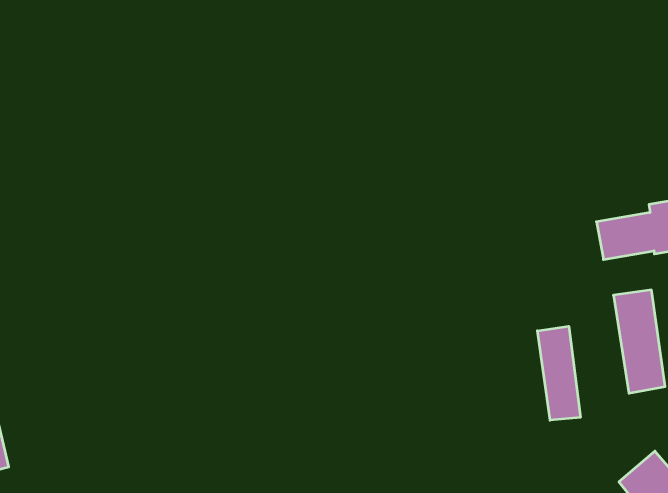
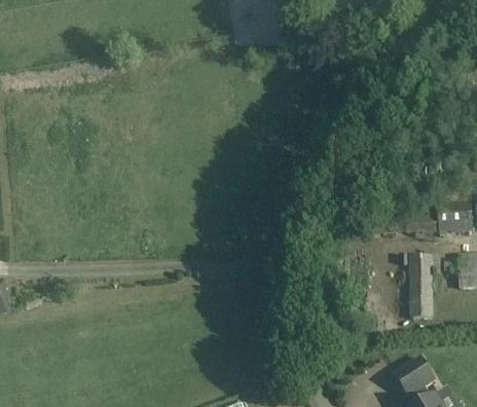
building: [537,326,580,420] -> none

